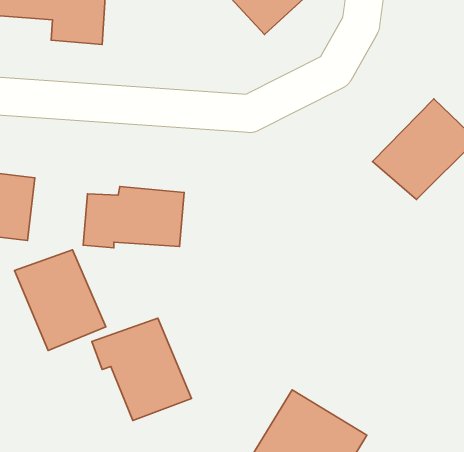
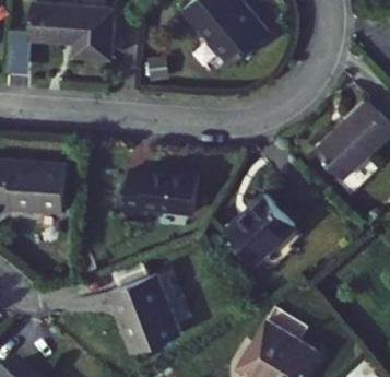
building: none -> [225,190,292,256]
building: [15,250,106,351] -> none

